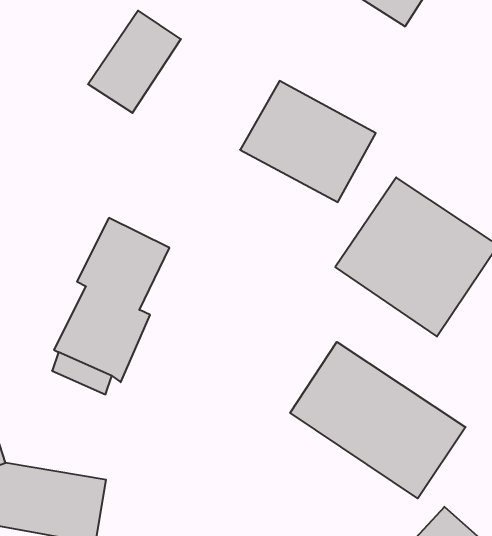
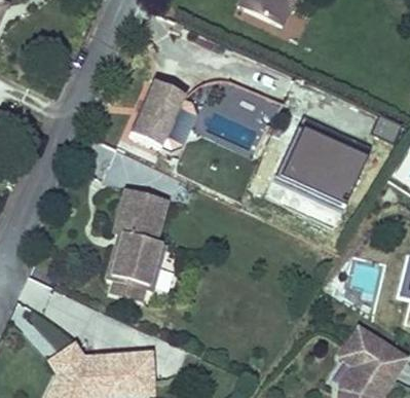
building: [88,11,181,113] -> [137,89,190,154]
building: [290,342,466,498] -> none

